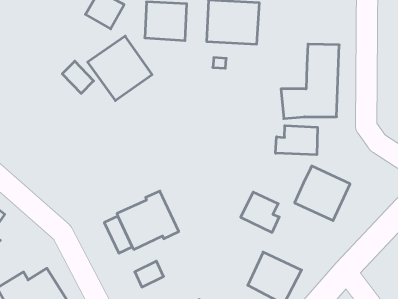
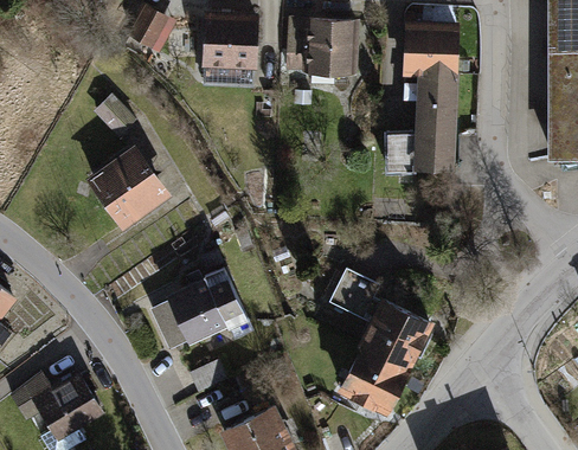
building: none -> [403,27,461,102]
building: [88,36,152,101] -> [84,144,169,230]
building: [276,126,317,155] -> none
building: [295,166,350,221] -> [359,300,432,372]

